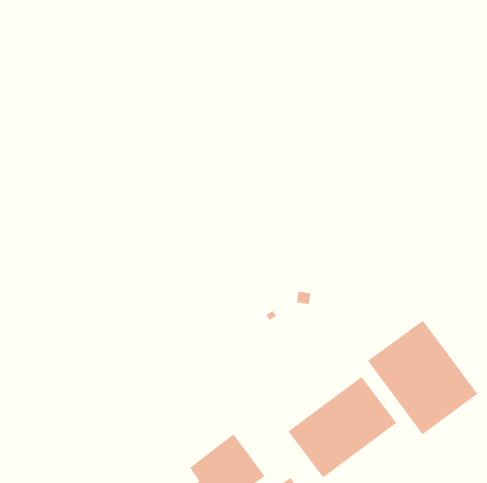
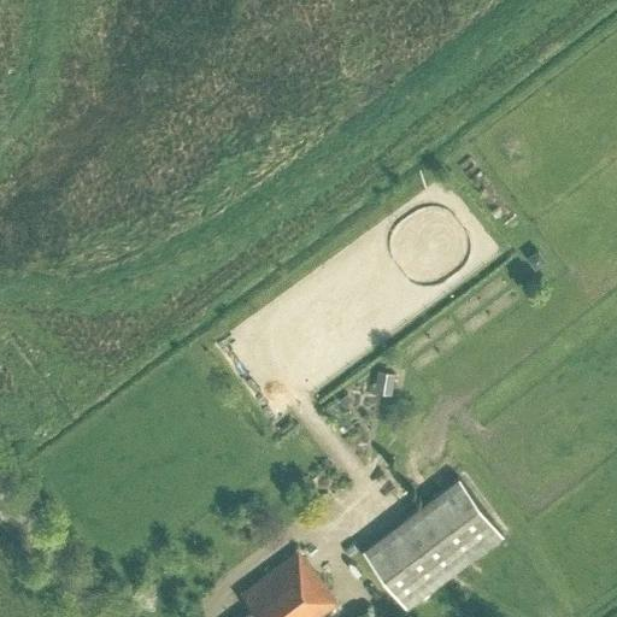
building: [367,320,478,435] -> none

